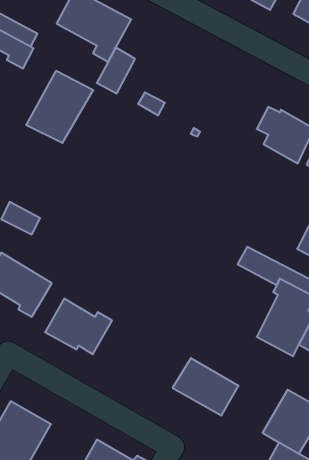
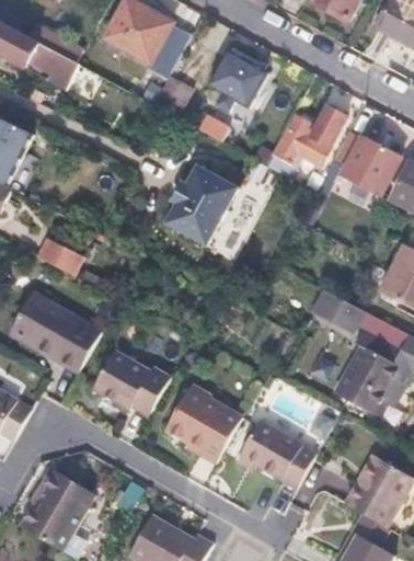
building: none -> [208,49,266,108]
building: [26,71,93,143] -> [164,162,241,244]
building: none -> [266,104,346,178]
building: none -> [163,385,239,462]

